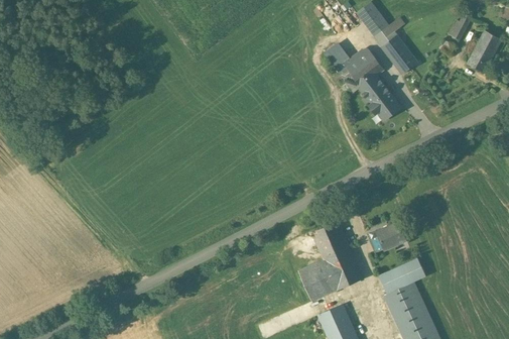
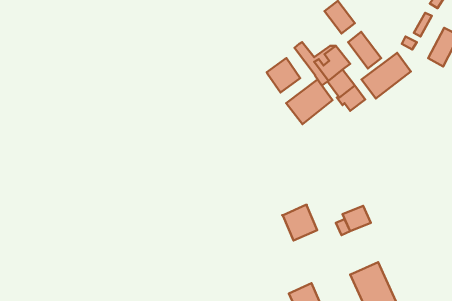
building: none -> [362,53,411,99]
building: none -> [267,58,300,92]
building: none -> [286,80,333,124]
building: [298,248,363,302] -> none
building: [378,258,426,295] -> none

